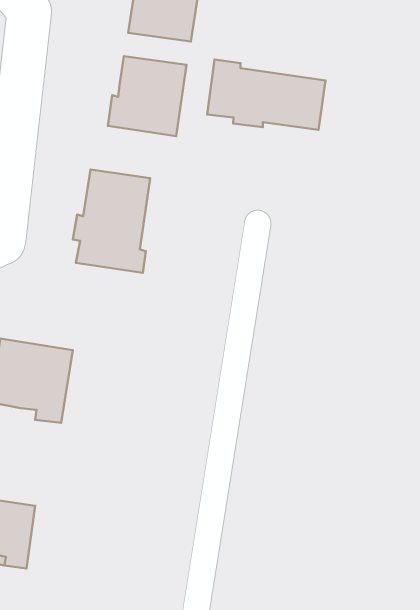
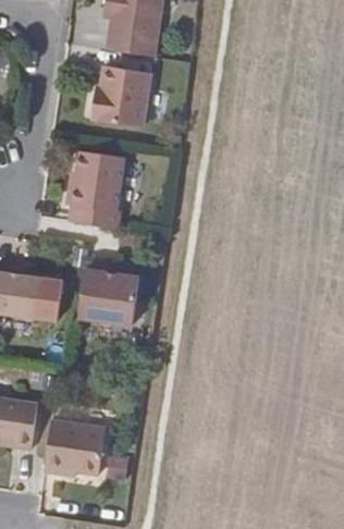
building: [207,59,325,130] -> none
building: none -> [88,278,146,320]
building: none -> [44,419,107,473]

